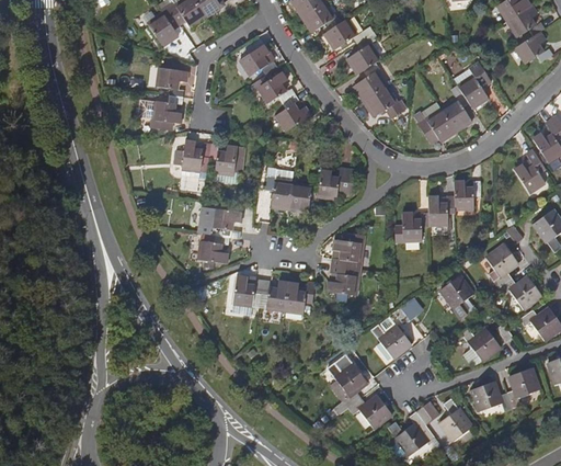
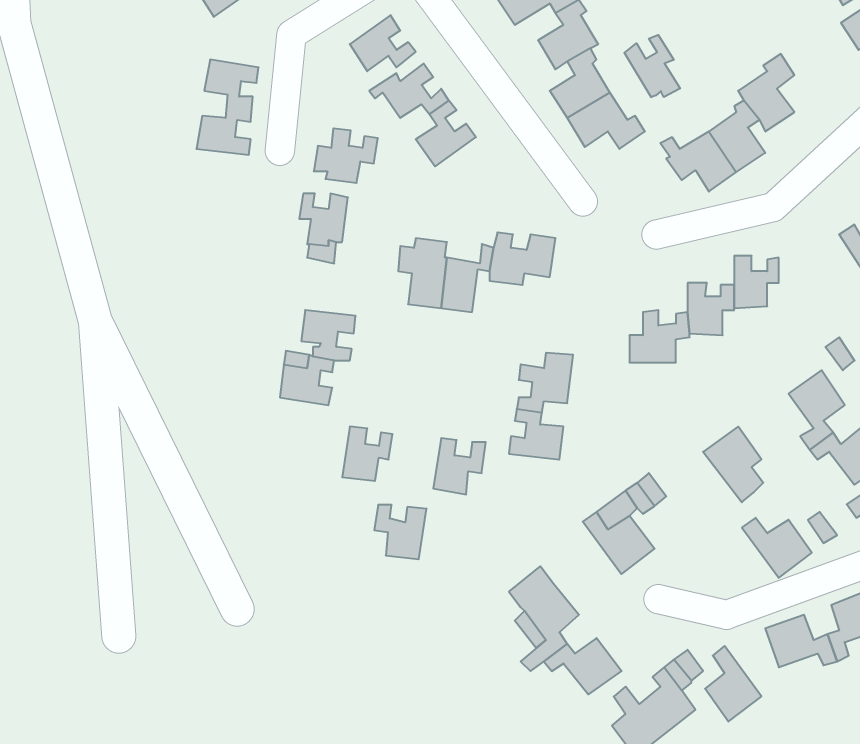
building: none -> [624,35,680,97]
building: [176,138,213,169] -> [314,128,378,183]
building: [261,280,290,310] -> [374,505,427,559]

